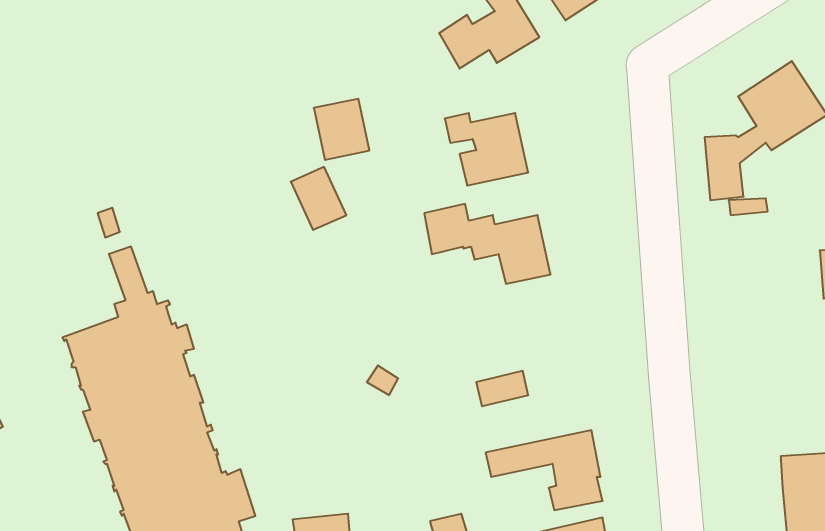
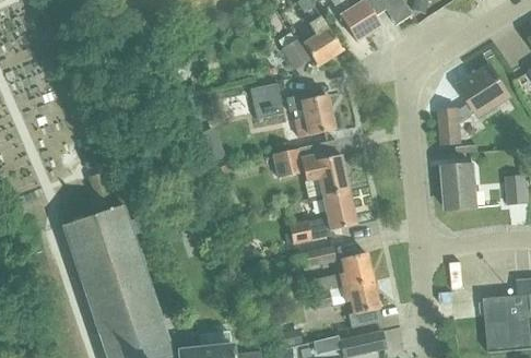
building: [314,99,369,160] -> [250,82,283,118]
building: none -> [445,163,477,208]
building: none -> [288,189,356,243]
building: none -> [308,252,373,294]

